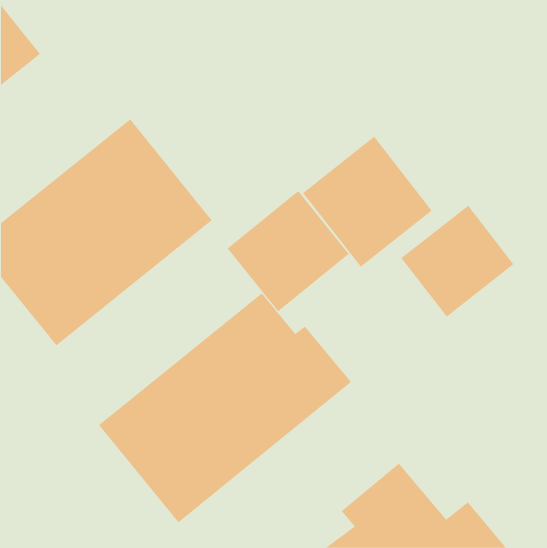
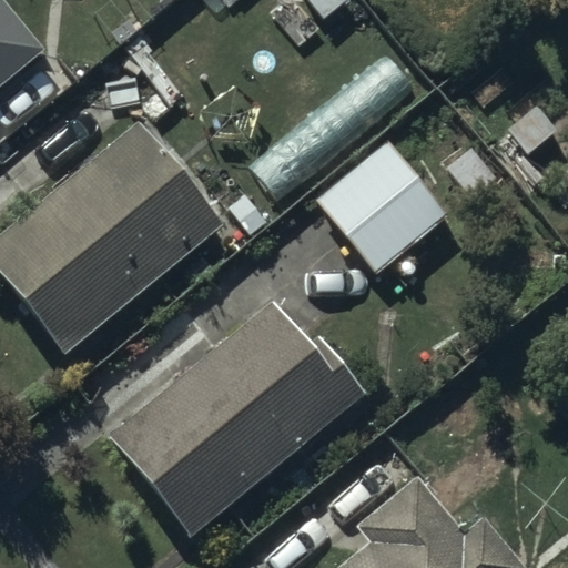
building: [227,190,350,312] -> none
building: [401,205,514,317] -> none

